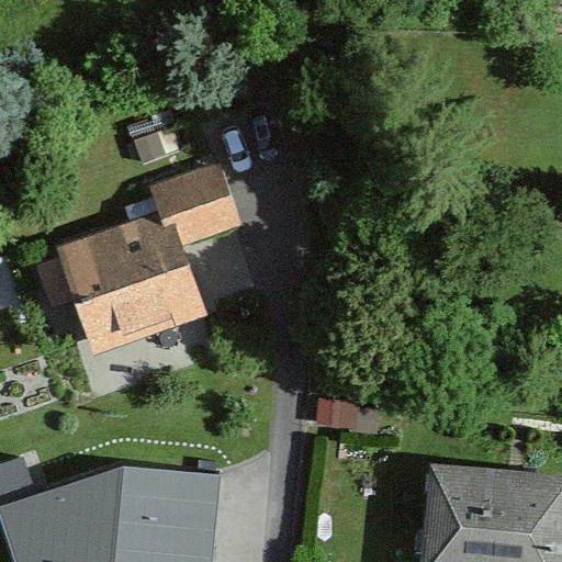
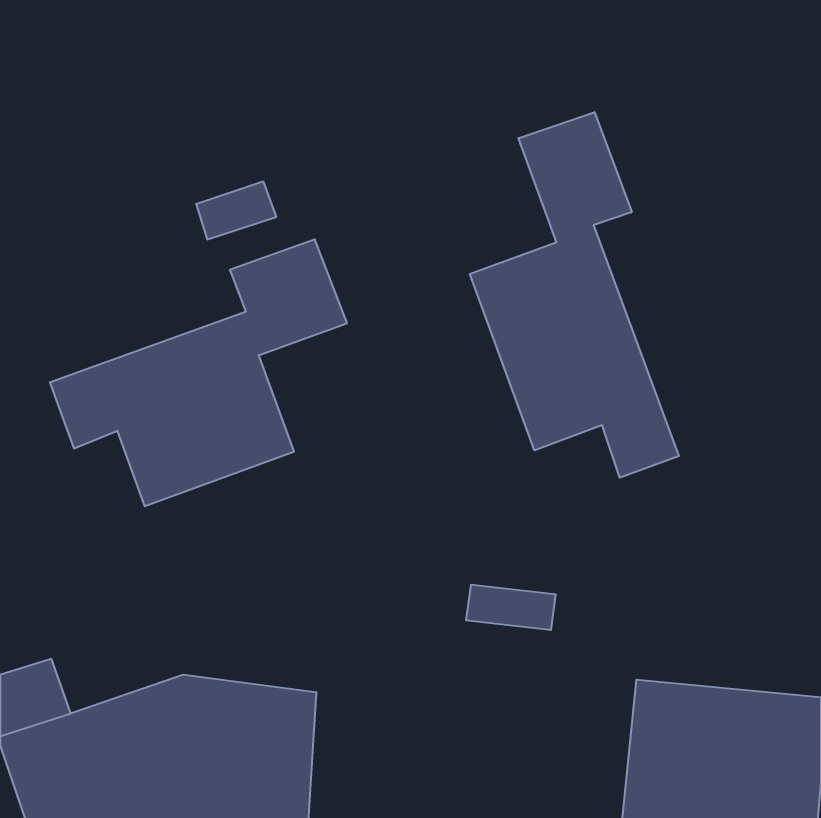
building: none -> [470,112,679,478]

